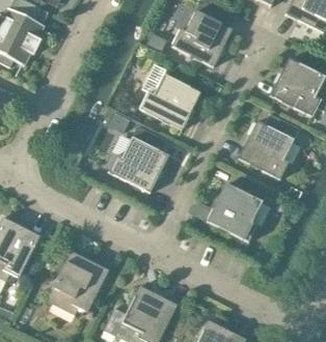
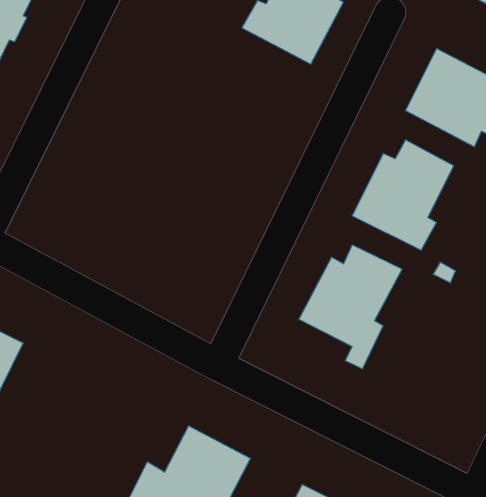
building: [140,64,200,130] -> none
building: [108,125,168,193] -> none
building: [46,251,108,314] -> none

